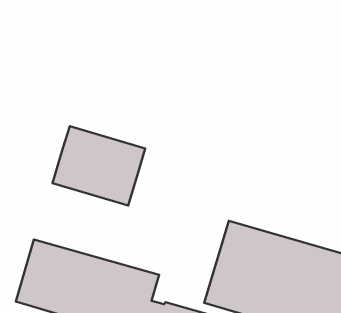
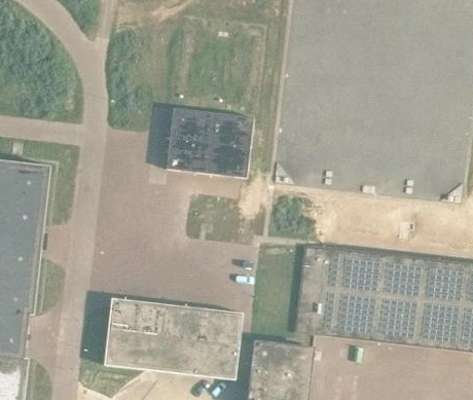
building: [53,126,145,205] -> [166,108,253,178]

